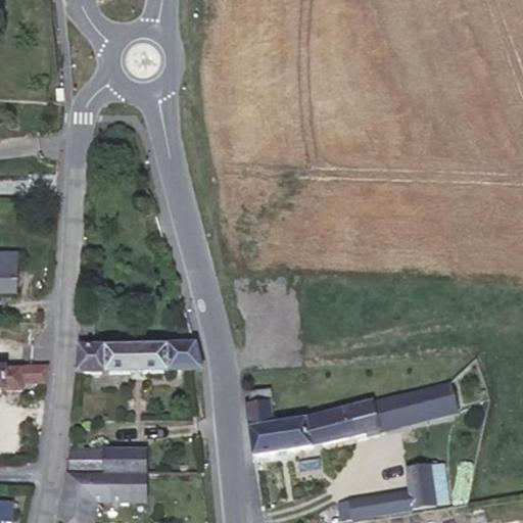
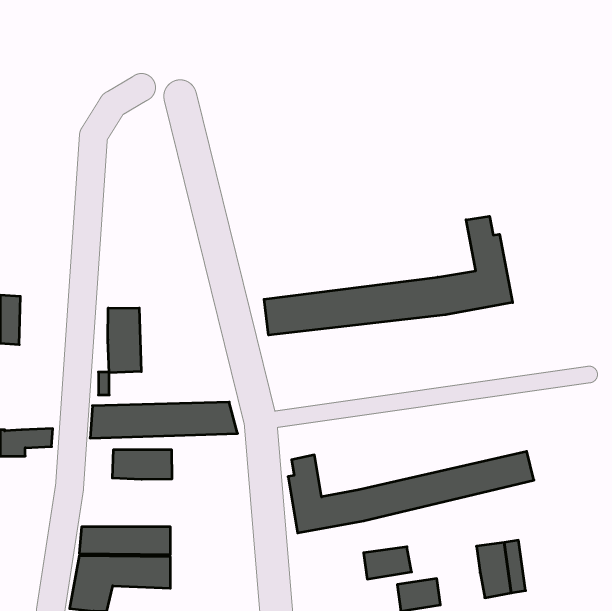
building: none -> [264,216,513,335]
building: none -> [108,308,141,373]
building: none -> [112,450,172,479]
building: [373,487,414,515] -> [364,547,412,579]

